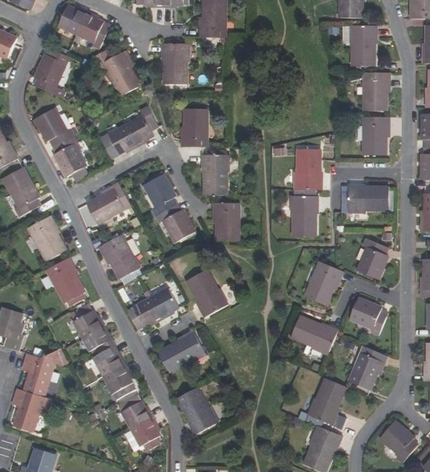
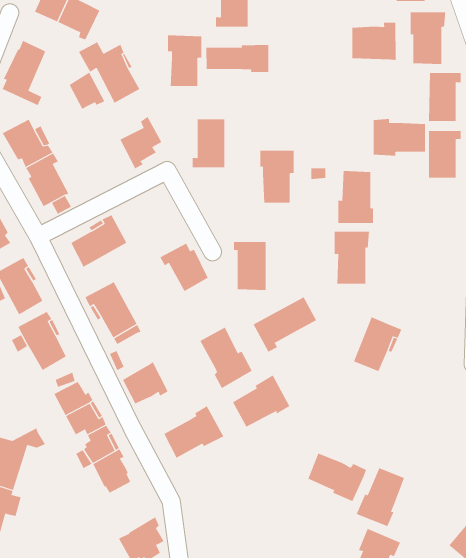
building: none -> [352,22,396,61]
building: none -> [206,44,269,73]
building: [108,124,136,153] -> [69,72,105,109]
building: [201,154,228,195] -> [260,150,294,203]
building: [143,174,176,215] -> none
building: [347,183,388,212] -> [373,119,426,156]
building: [357,238,388,279] -> none
building: none -> [253,296,317,353]
building: [150,287,178,319] -> none
building: [349,298,387,335] -> none
building: none -> [232,375,290,428]
building: [291,316,337,354] -> [308,453,367,502]
building: [348,346,387,389] -> none
building: [177,387,218,434] -> none
building: [119,395,152,429] -> none

